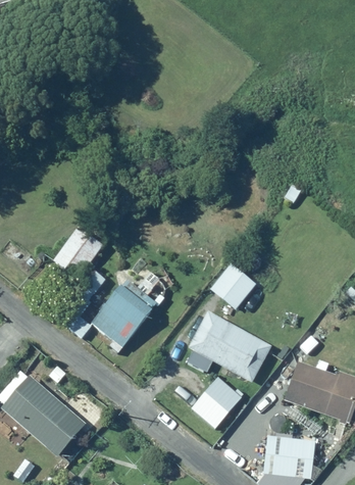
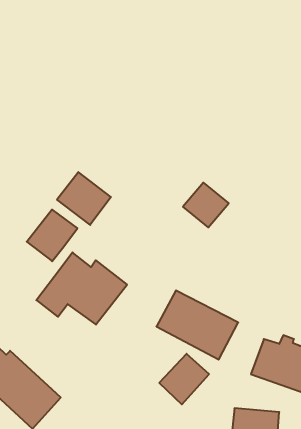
building: none -> [57,172,111,225]
building: [208,263,256,310] -> [183,183,229,227]

